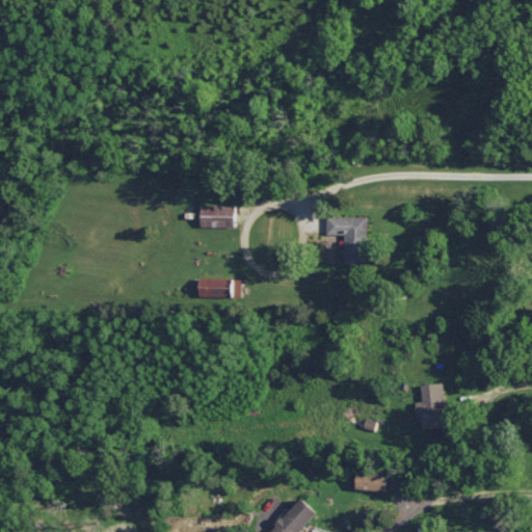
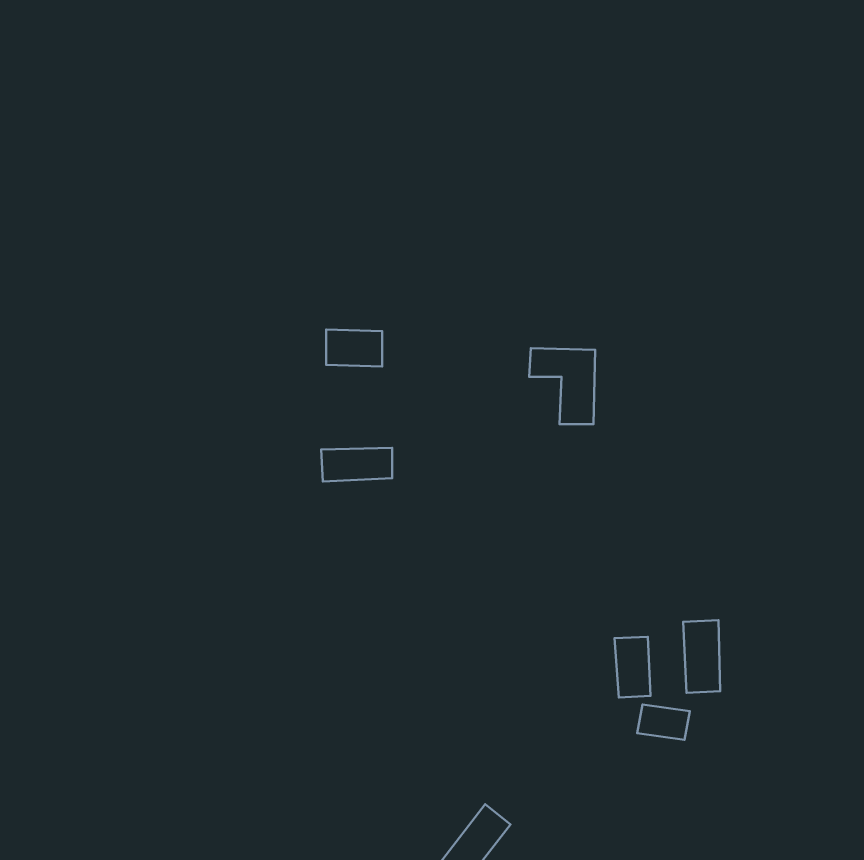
building: none -> [615,637,651,697]
building: [353,470,385,491] -> [637,704,690,740]

